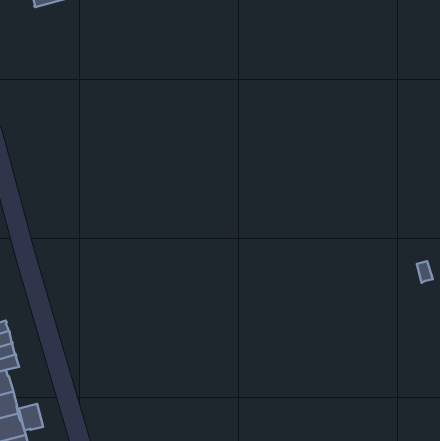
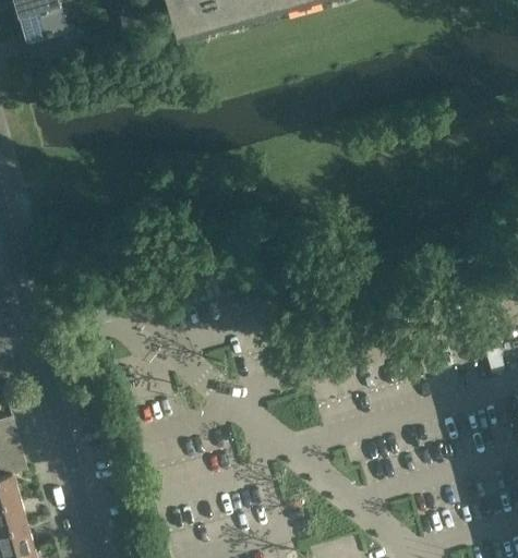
building: [19,404,43,431] -> none

